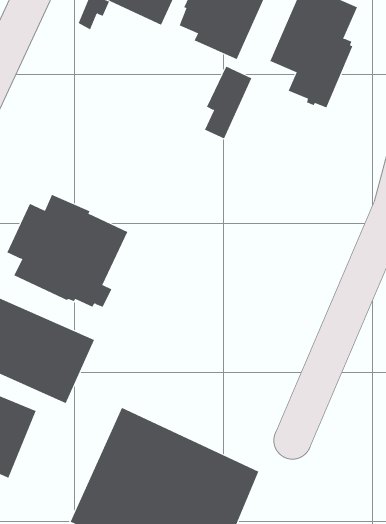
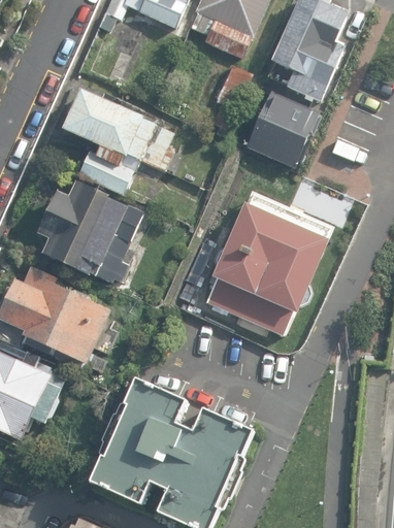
building: none -> [244,86,321,170]
building: none -> [60,88,173,197]
building: none -> [204,190,334,336]

